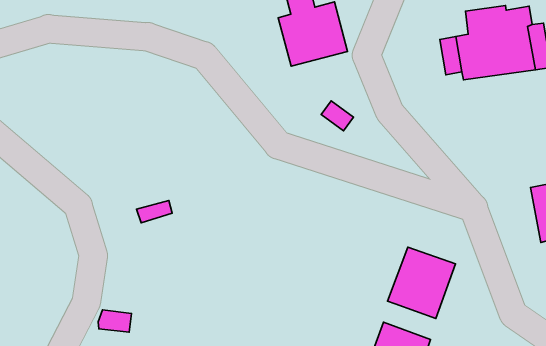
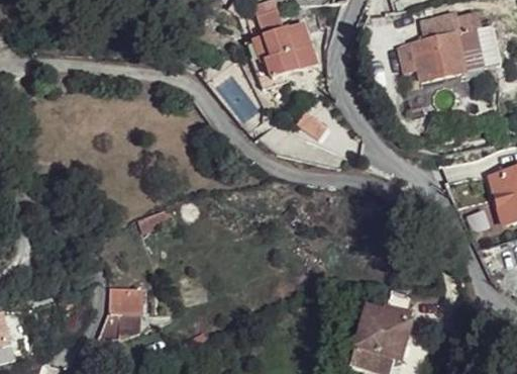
building: [387,247,456,318] -> none
building: none -> [101,287,142,332]

